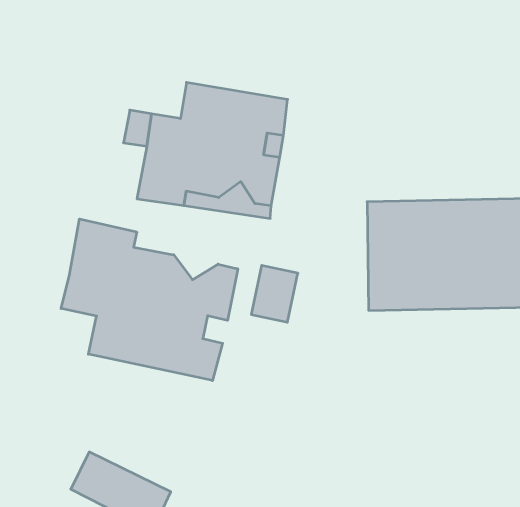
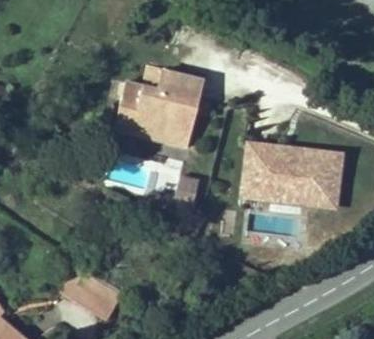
building: [61,219,238,381] -> none

